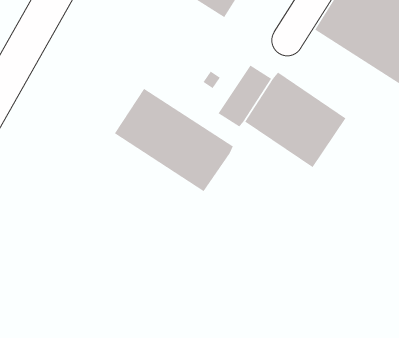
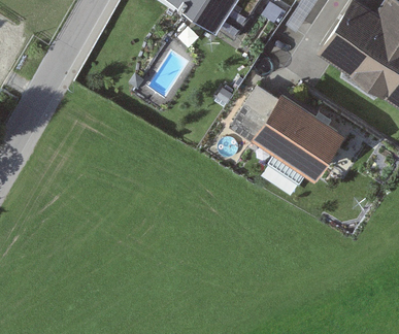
building: [114,88,234,192] -> none

